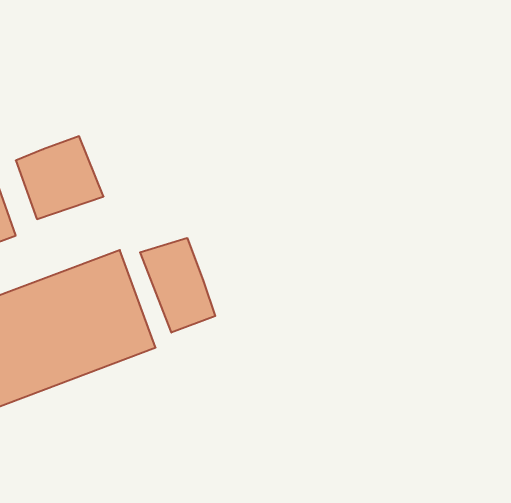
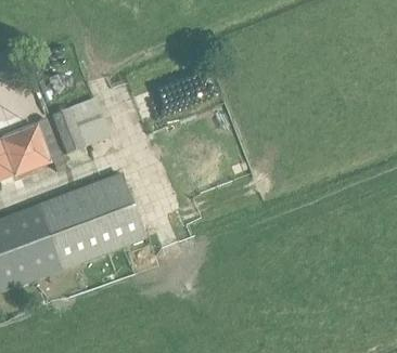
building: [140,238,215,333] -> none

